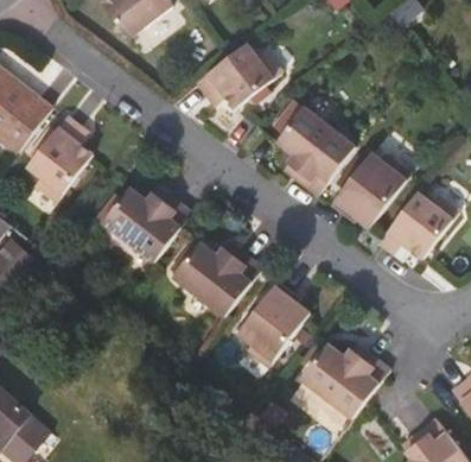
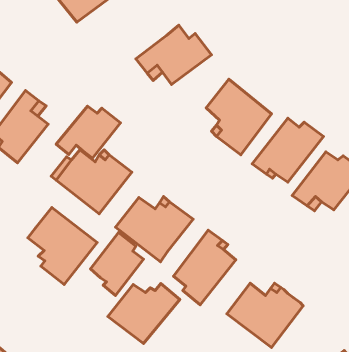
building: none -> [56,106,120,158]
building: none -> [28,208,97,285]
building: none -> [90,232,144,296]
building: none -> [108,283,180,344]

